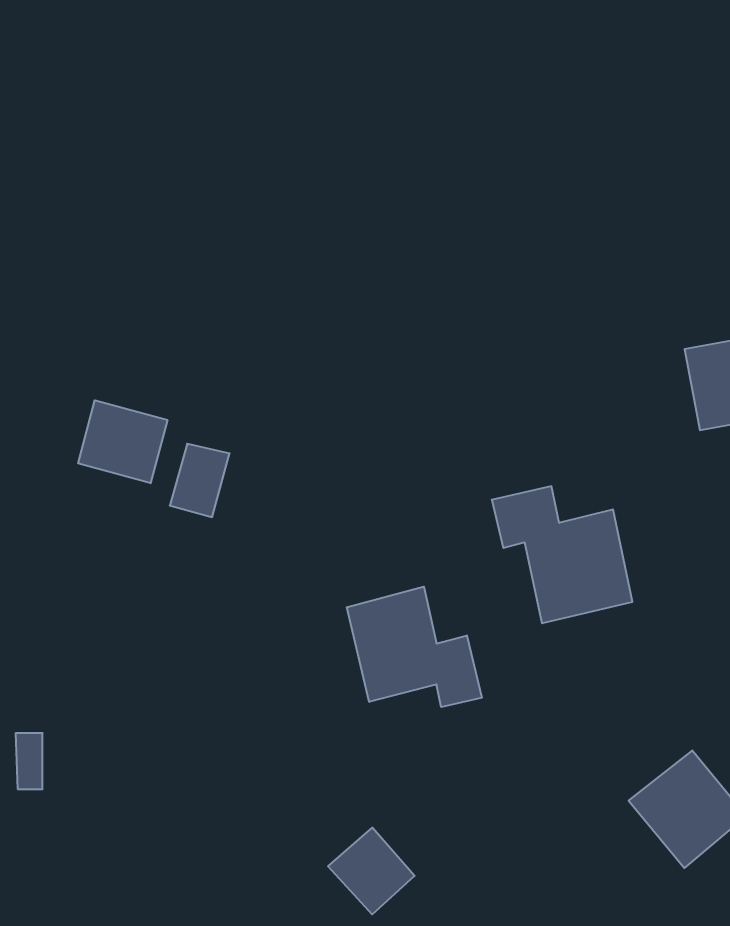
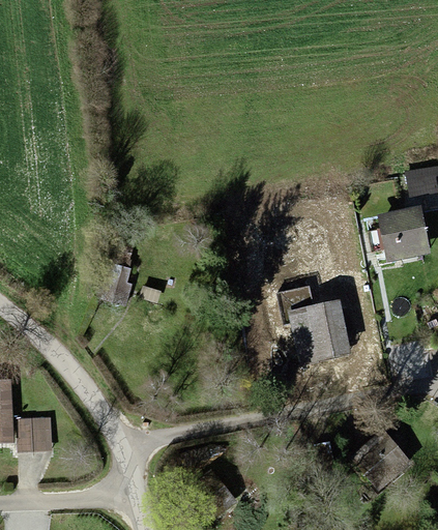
building: [78,400,167,483] -> none
building: [347,587,482,707] -> none

